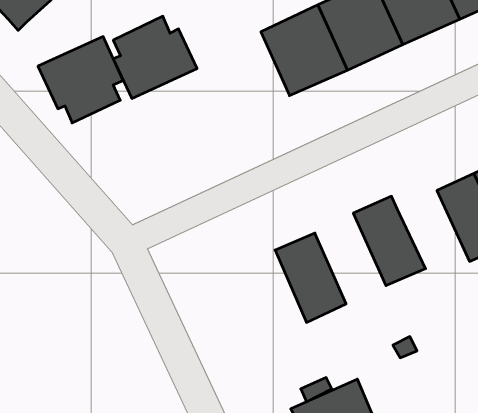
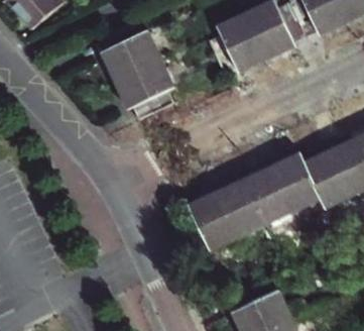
building: [38,37,123,123] -> [115,58,175,119]
building: none -> [304,144,355,207]
building: none -> [245,160,295,225]
building: none -> [188,187,239,251]

